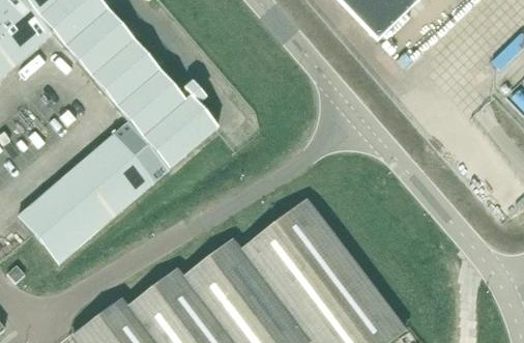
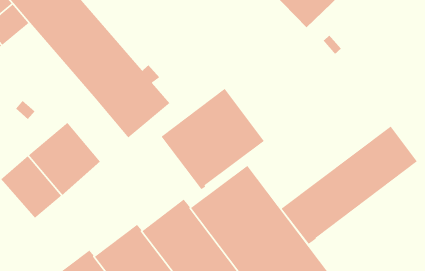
building: none -> [160,88,265,190]
building: [96,121,168,195] -> none
building: none -> [281,125,418,245]

